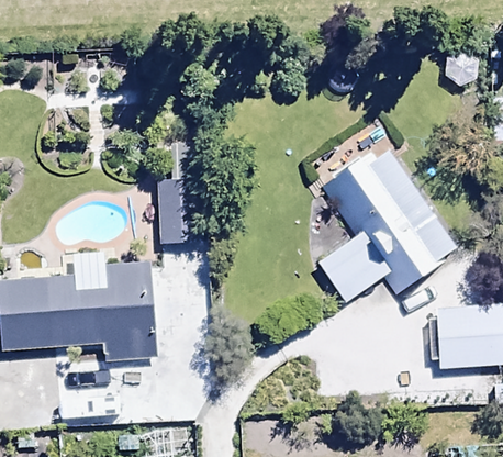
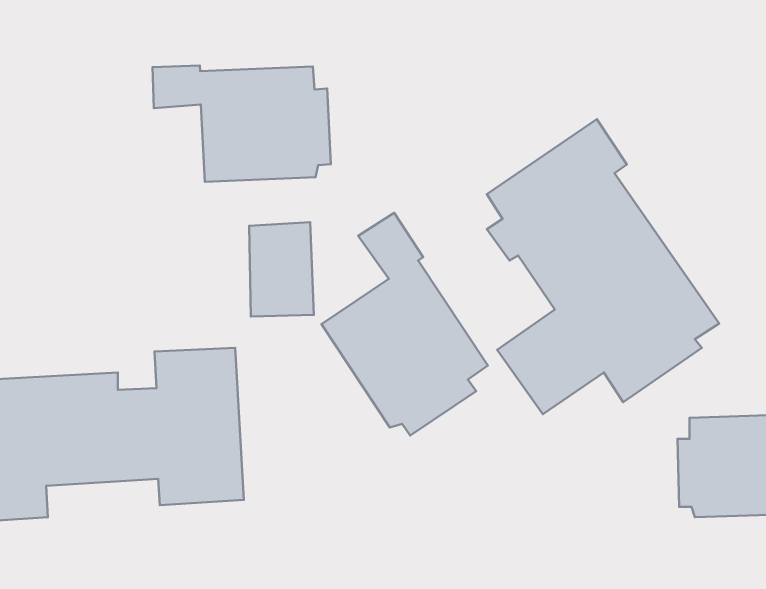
building: none -> [153,66,331,182]
building: none -> [321,213,488,435]

